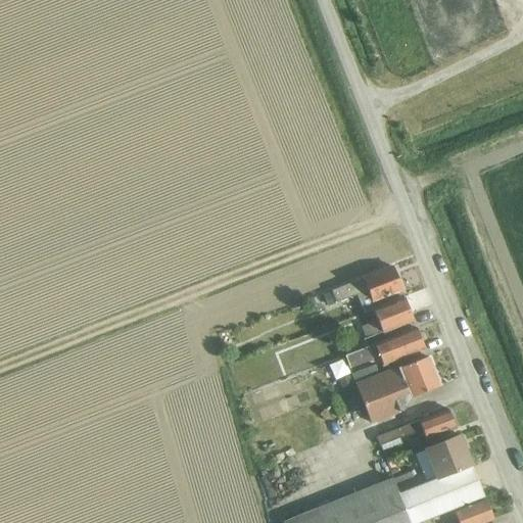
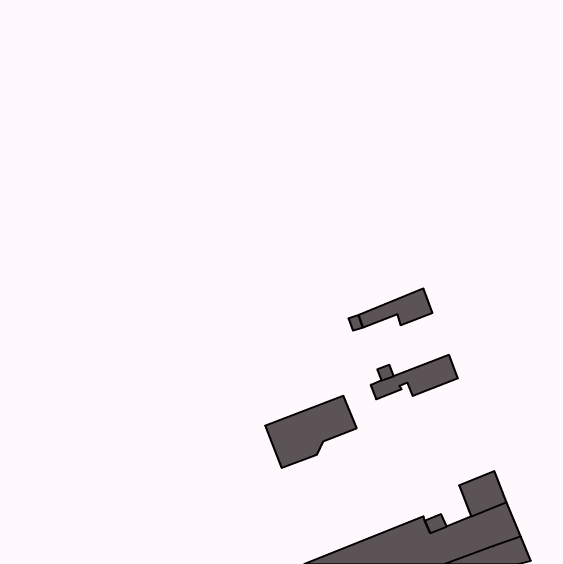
building: [362,297,413,337] -> none
building: [355,355,440,422] -> [265,396,357,468]
building: [377,409,457,445] -> none

